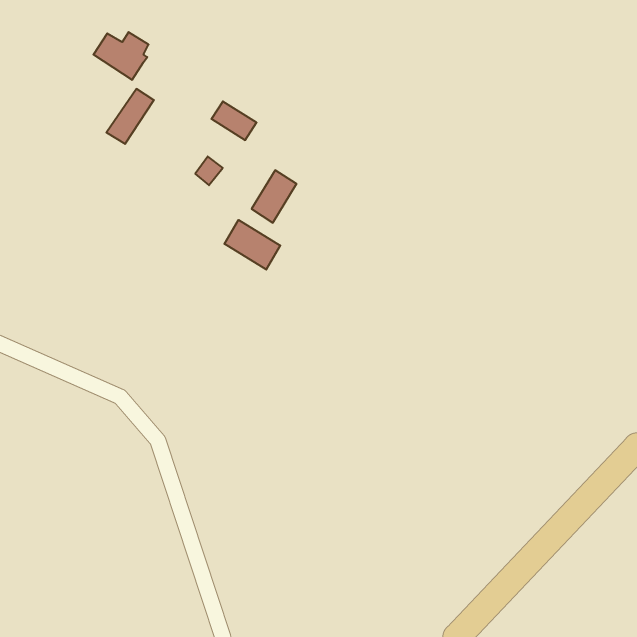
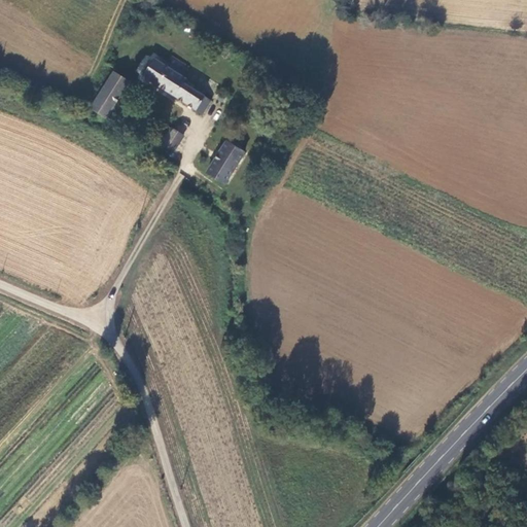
building: [93,32,149,80] -> [142,59,187,98]
building: [224,220,280,270] -> none

